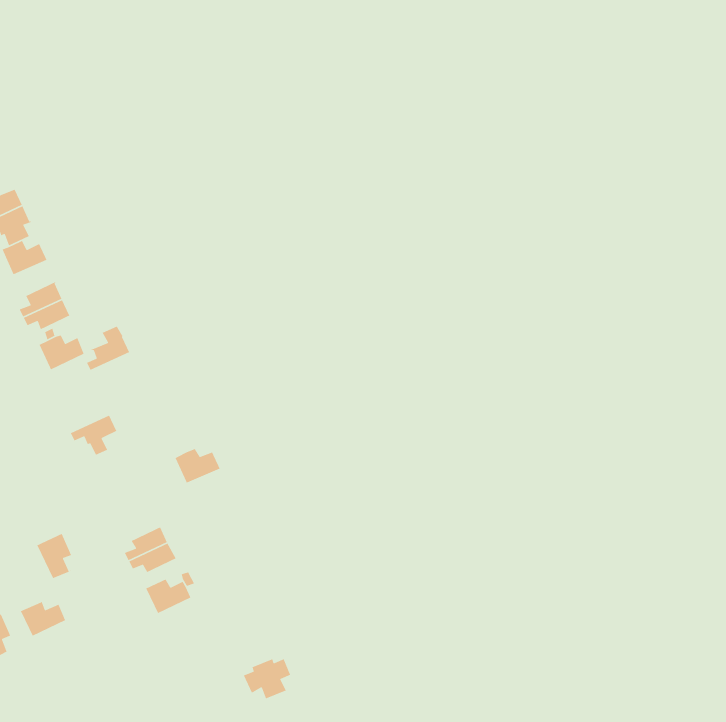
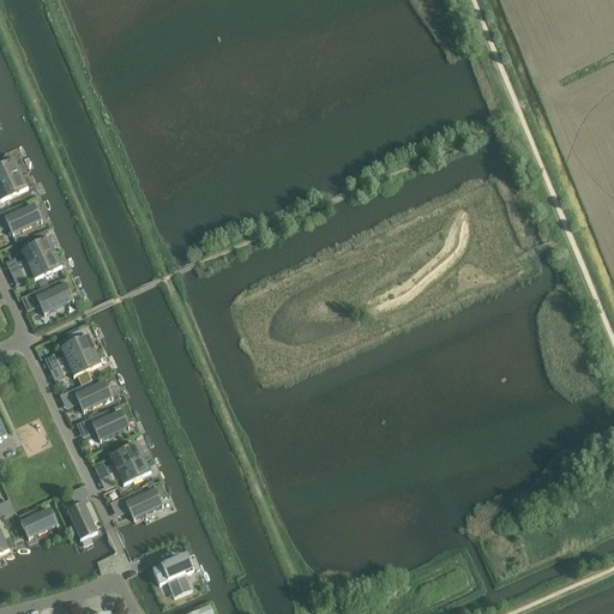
building: [86,325,130,371] -> [55,326,92,365]
building: [175,448,222,486] -> [89,408,128,440]
building: none -> [72,379,112,411]
building: [35,533,72,580] -> [66,499,97,538]
building: [243,658,291,699] -> [151,554,192,589]

